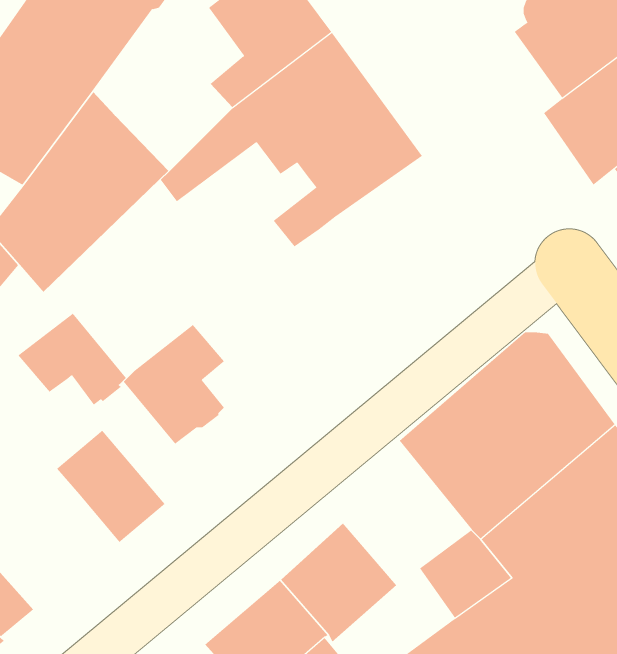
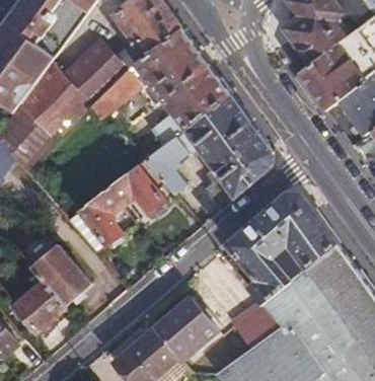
building: none -> [64,39,128,103]
building: none -> [184,95,274,211]
building: none -> [144,136,189,194]
building: [18,313,127,405] -> [106,164,166,215]
building: none -> [14,281,66,332]

